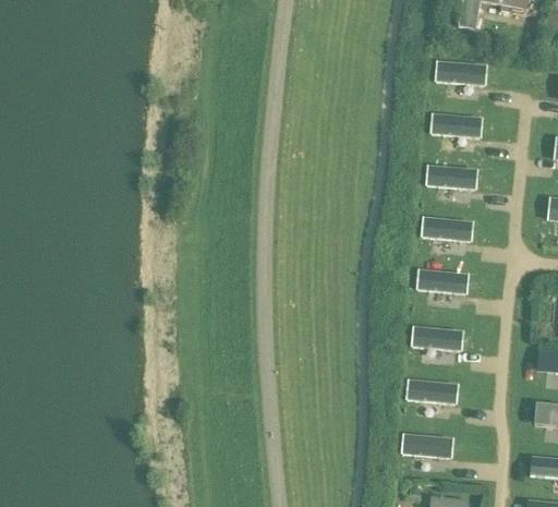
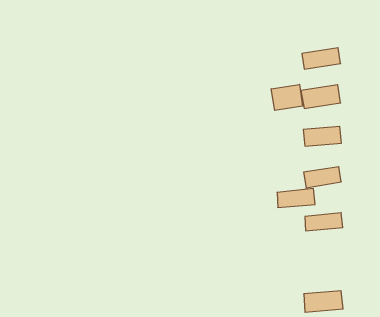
building: [435,60,483,85] -> none
building: none -> [271,84,303,110]
building: [407,382,456,402] -> [277,189,315,207]

